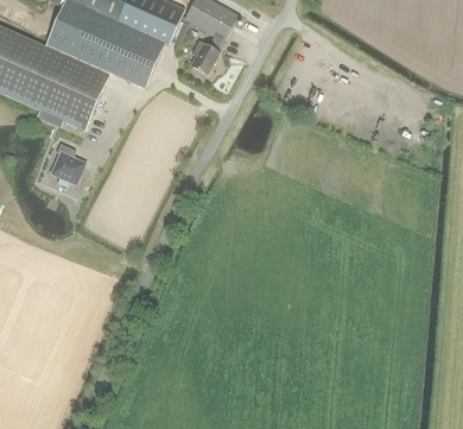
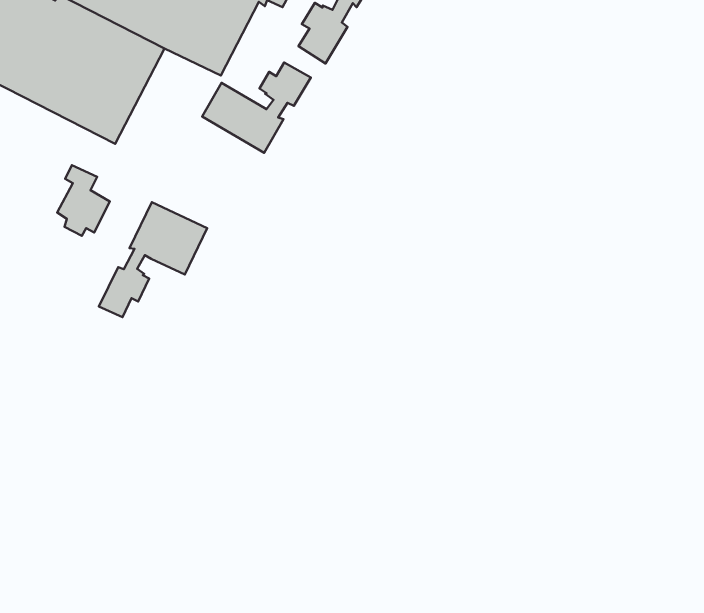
building: none -> [202,62,311,153]
building: none -> [99,202,207,317]

